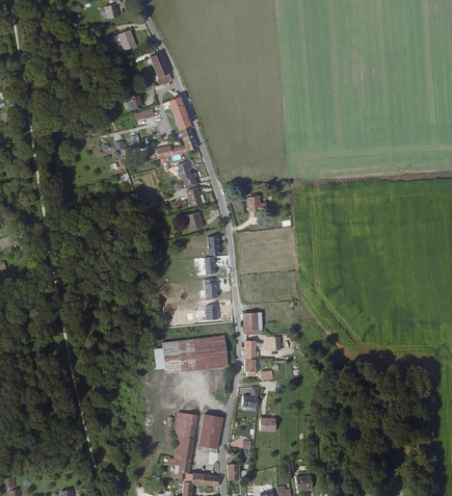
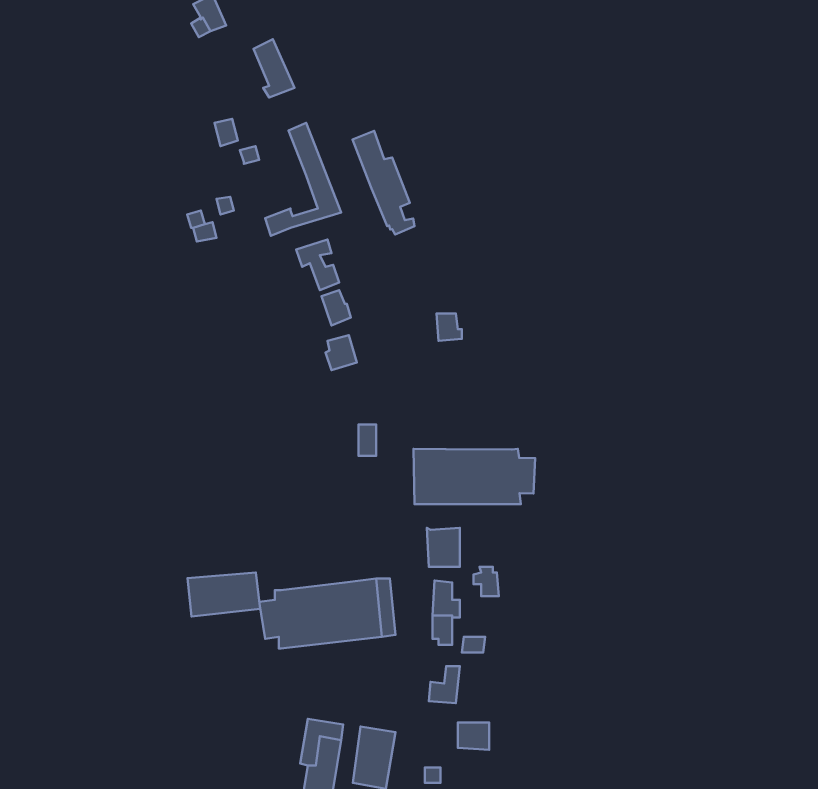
building: none -> [353,131,415,235]
building: none -> [414,449,535,504]
building: none -> [187,572,260,617]

